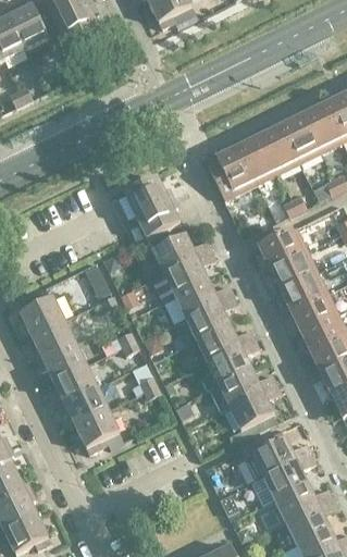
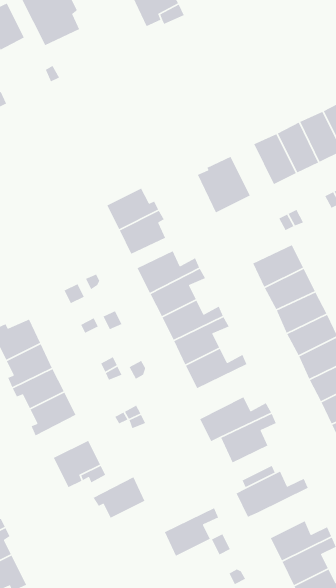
building: [238,135,277,183] -> none
building: [199,338,259,389] -> none
building: [58,385,107,424] -> [93,476,146,519]
building: [263,453,314,498] -> [164,507,219,557]

